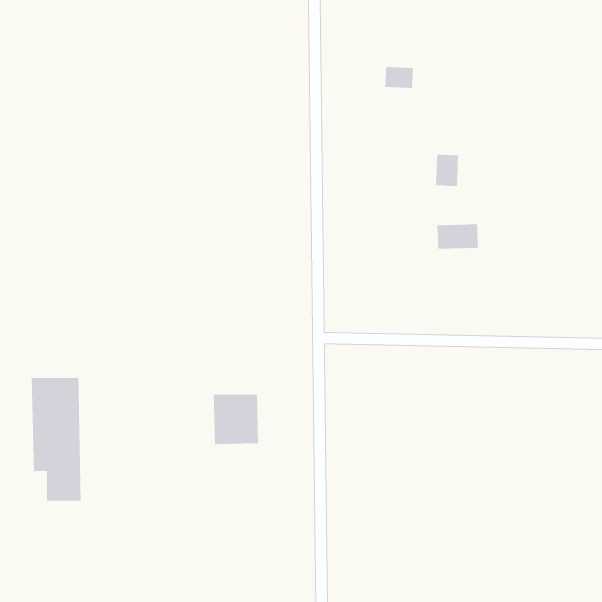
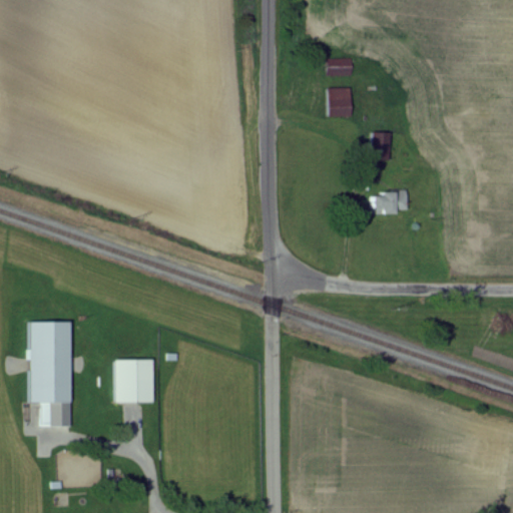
building: none -> [328,88,353,116]
building: [213,394,259,445] -> [114,360,153,403]

